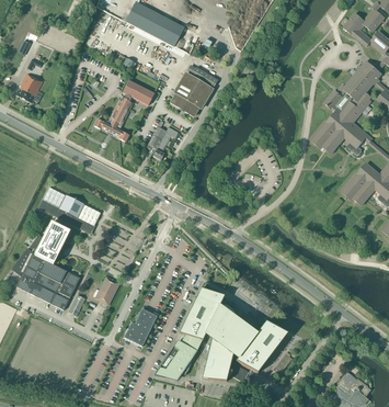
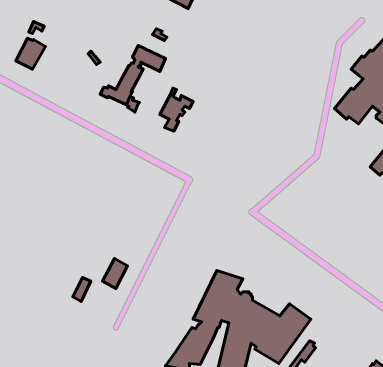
building: [170,66,218,115] -> none
building: [13,186,101,309] -> none
building: [124,308,157,346] -> none

